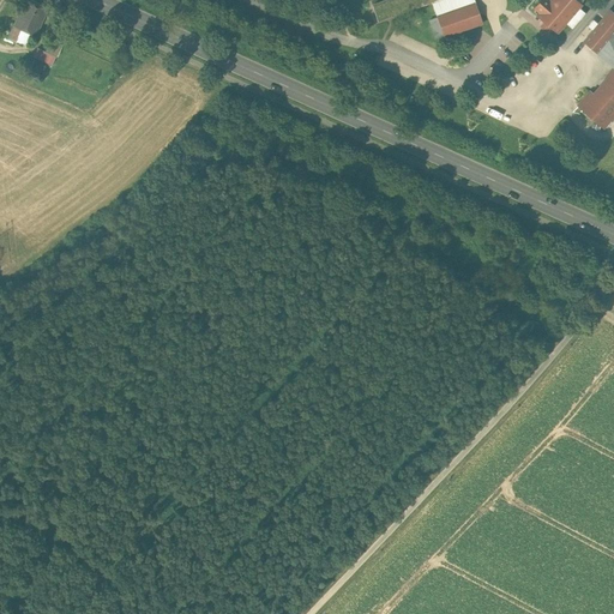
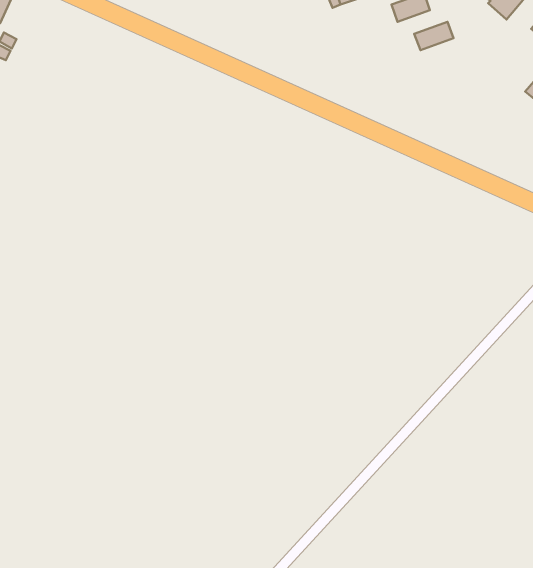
building: none -> [414,22,454,50]

